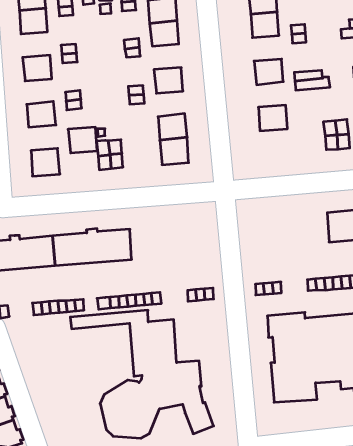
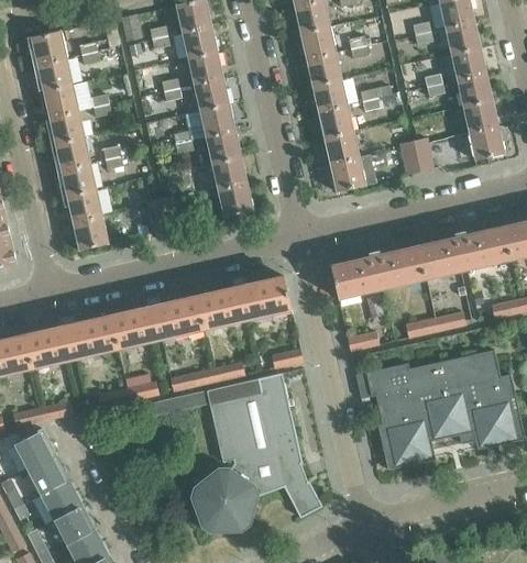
building: none -> [42,84,78,117]
building: none -> [305,52,341,85]
building: none -> [193,77,229,110]
building: none -> [54,136,89,169]
building: none -> [317,103,353,136]
building: none -> [205,130,240,163]
building: [68,127,97,153] -> [65,188,101,221]
building: none -> [328,156,365,191]
building: none -> [330,245,424,298]
building: none -> [196,275,290,329]
building: none -> [229,373,295,439]

